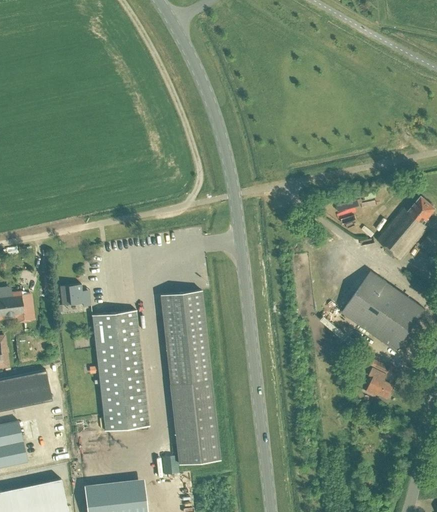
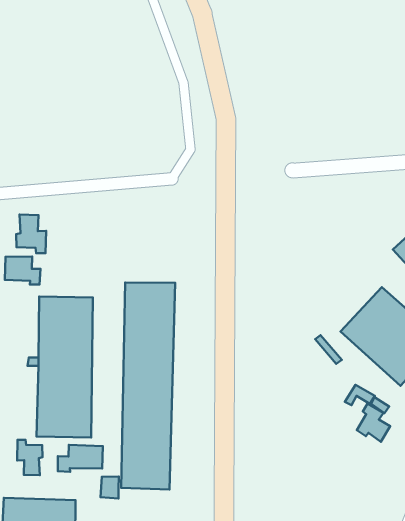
building: none -> [16,215,46,253]
building: none -> [58,445,103,472]
building: none -> [17,440,43,475]

